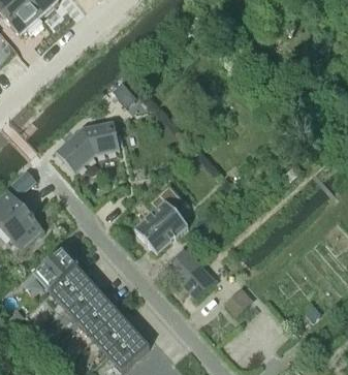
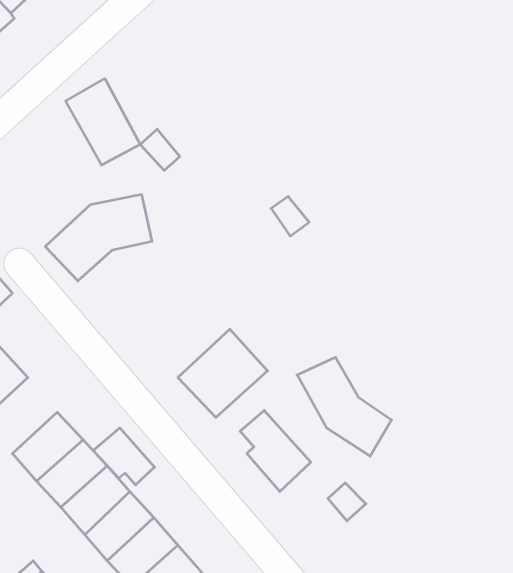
building: none -> [66,79,140,165]
building: none -> [297,357,392,456]
building: none -> [93,428,155,485]

